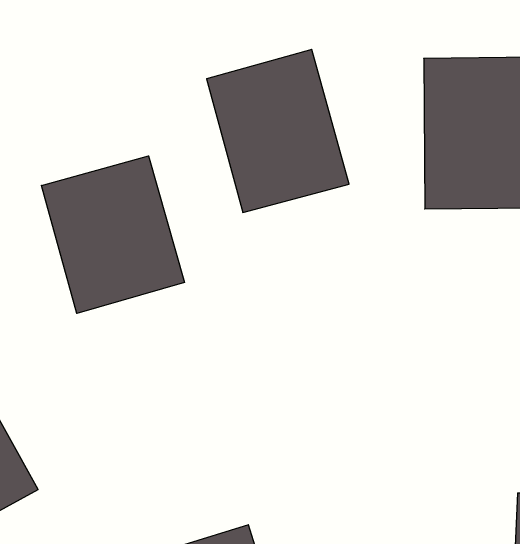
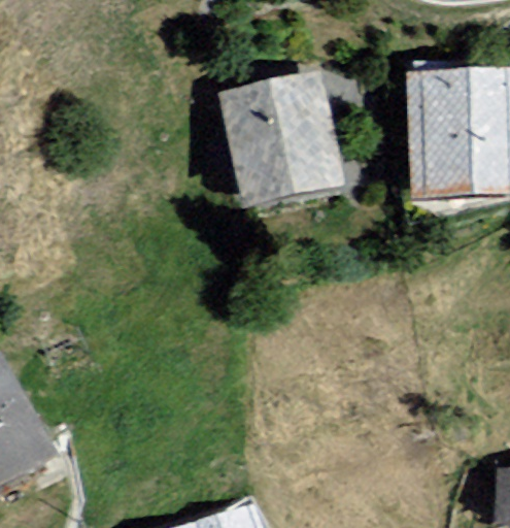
building: [41,156,184,313] -> none

